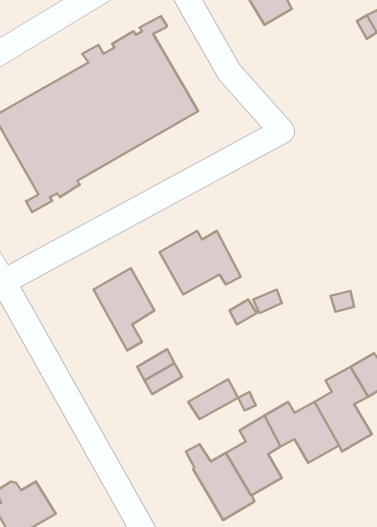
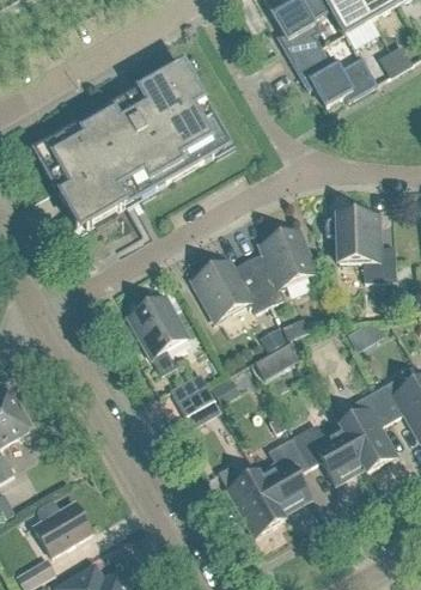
building: none -> [293,45,376,104]
building: none -> [324,213,395,280]
building: none -> [248,229,316,303]
building: [188,379,238,419] -> [254,339,301,377]

